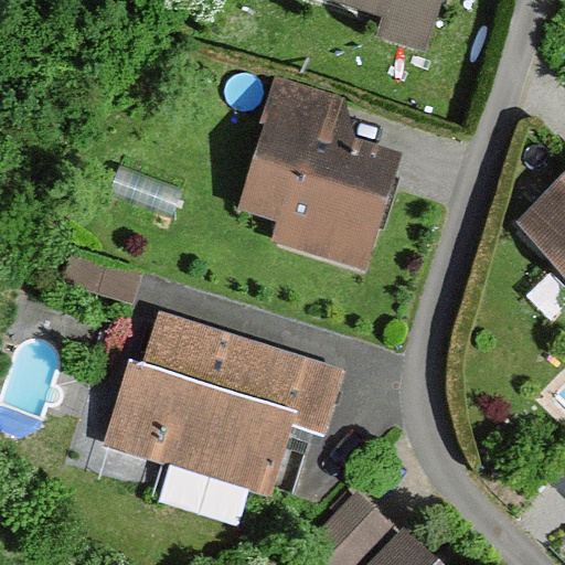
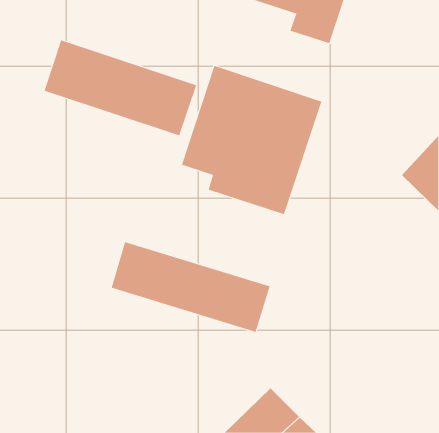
building: none -> [44,40,197,136]
building: [105,366,299,497] -> none

